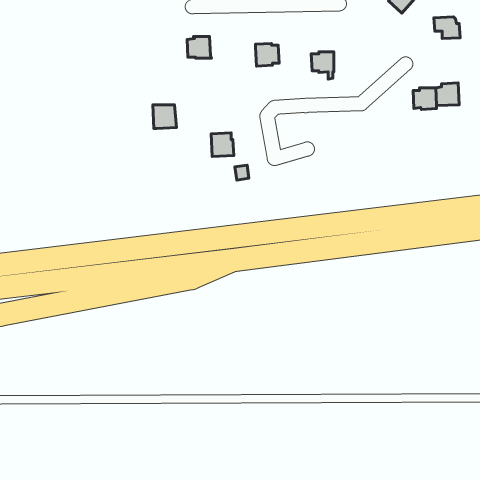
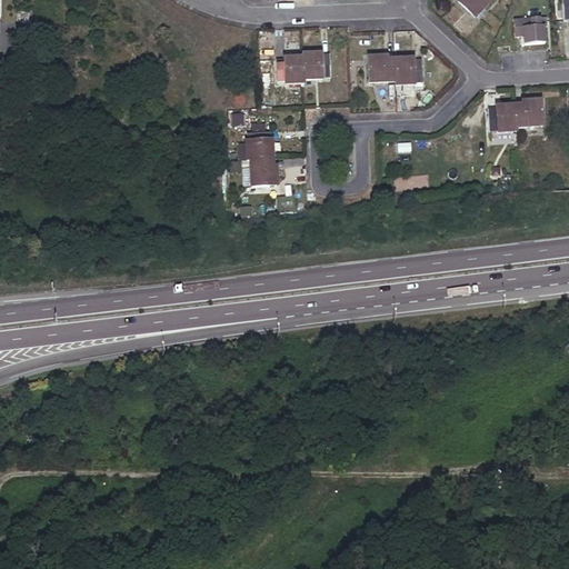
building: [187,37,212,58] -> [277,56,306,81]
building: none -> [396,58,421,81]
building: [153,105,176,128] -> [247,130,274,158]

